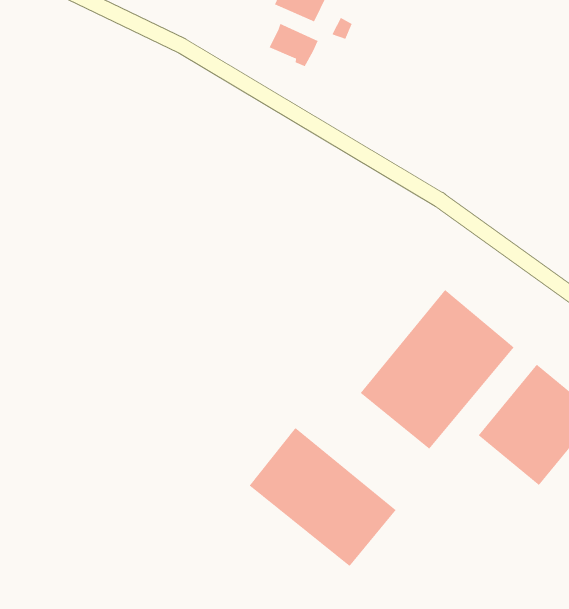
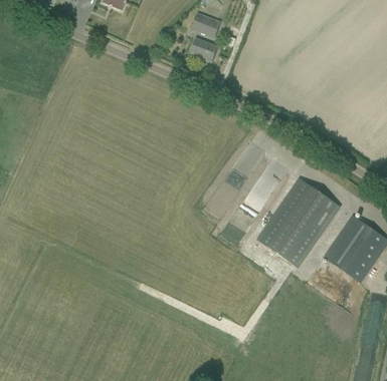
building: [249,427,396,567] -> none

